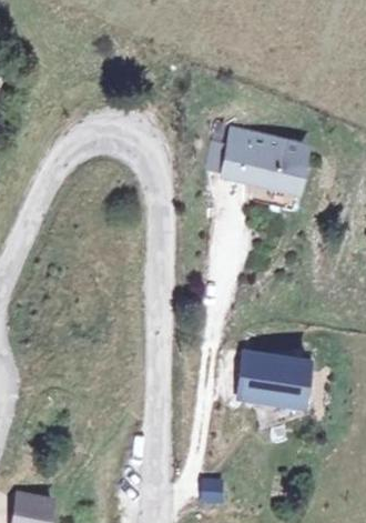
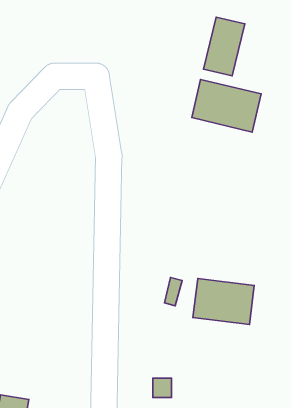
building: none -> [203,17,245,76]

